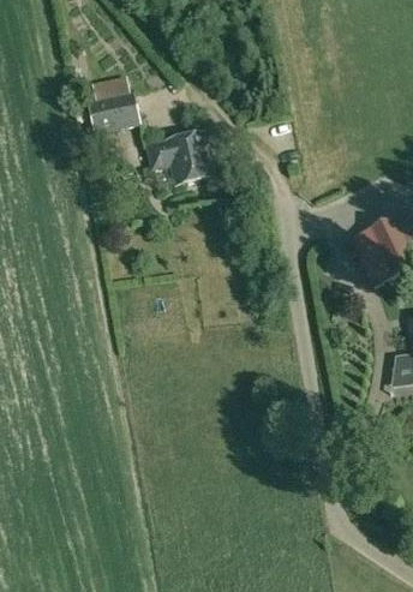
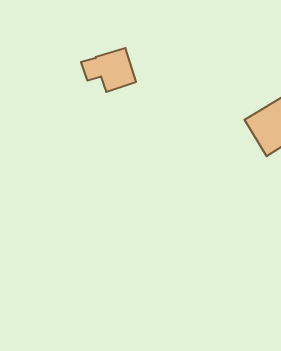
building: [84,74,139,137] -> none

